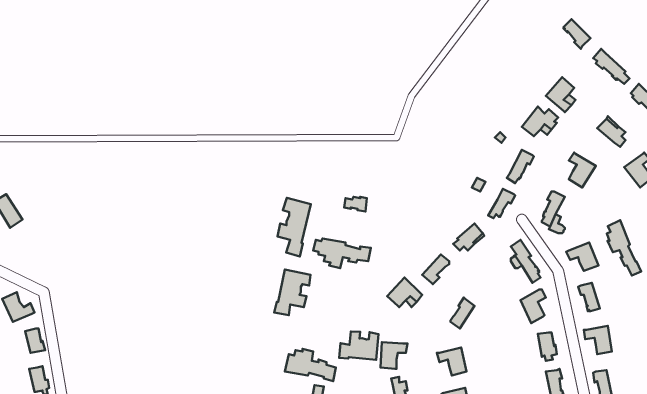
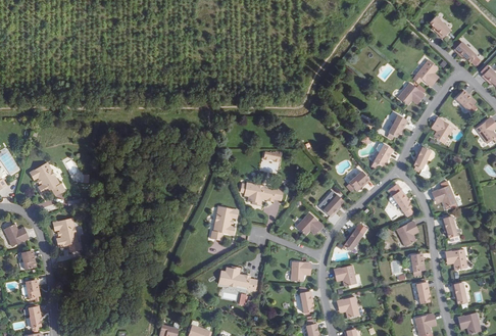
building: [277,198,311,257] -> none
building: none -> [29,161,64,195]
building: [607,220,641,275] -> none
building: none -> [52,218,80,251]
building: [339,331,378,360] -> none

